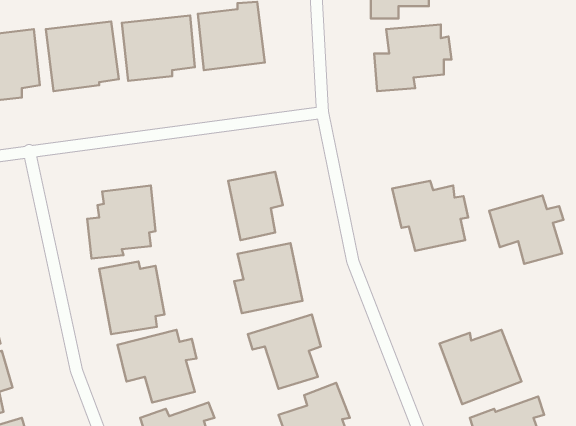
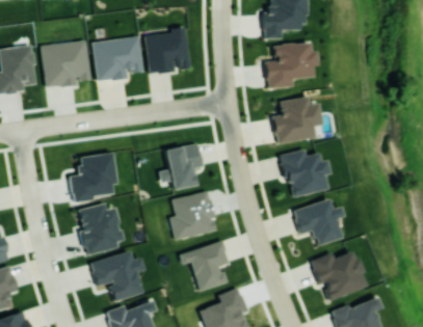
building: none -> [272,97,322,143]
building: [489,196,564,264] -> [292,199,343,246]

